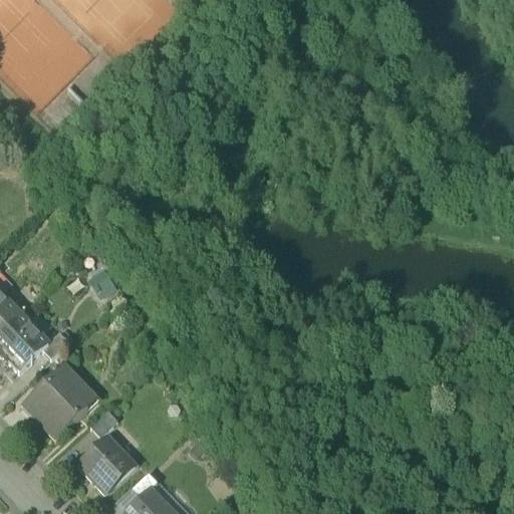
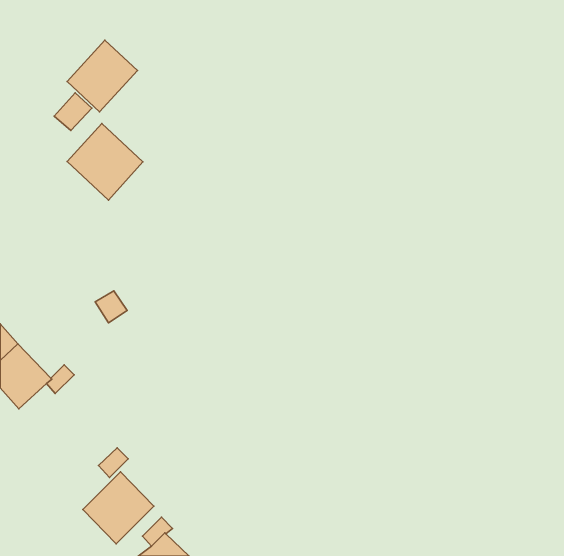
building: none -> [67,40,137,112]
building: none -> [67,124,143,200]
building: [20,363,97,440] -> none

